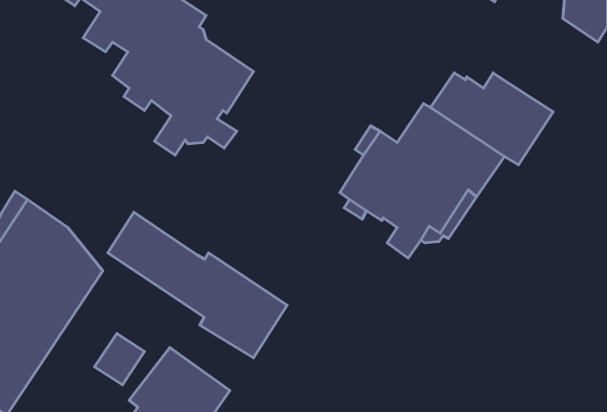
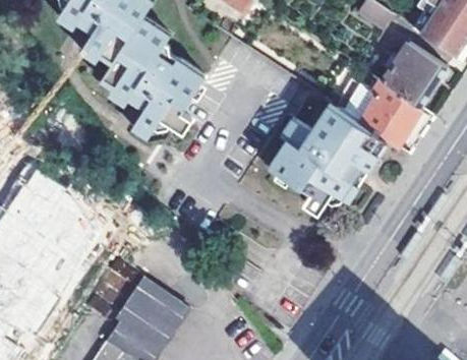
building: none -> [384,41,450,108]
building: [108,212,287,358] -> none

